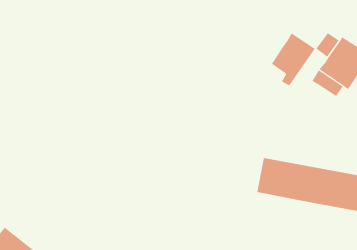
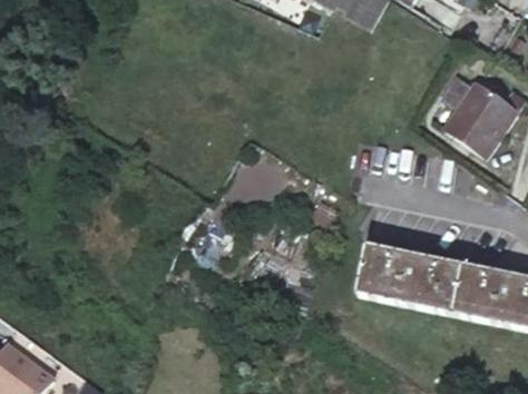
building: [271,32,315,87] -> none

